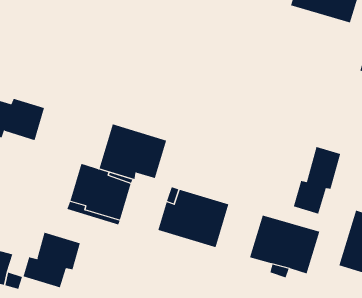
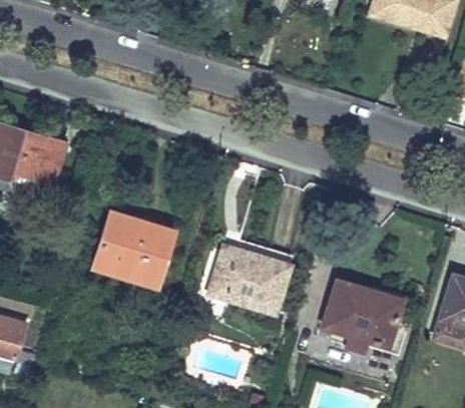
building: [99,123,167,180] -> none
building: [293,146,341,215] -> none
building: [23,232,81,288] -> none

